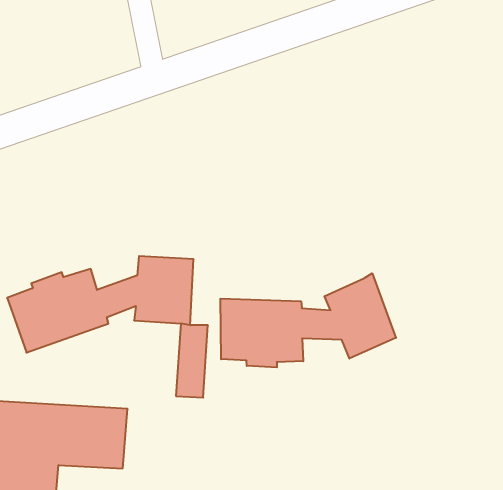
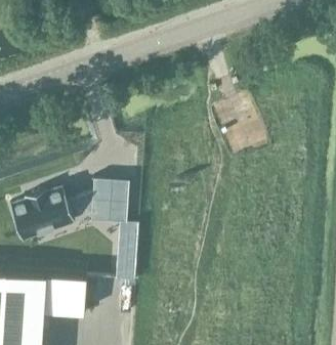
building: [220,273,396,367] -> none

